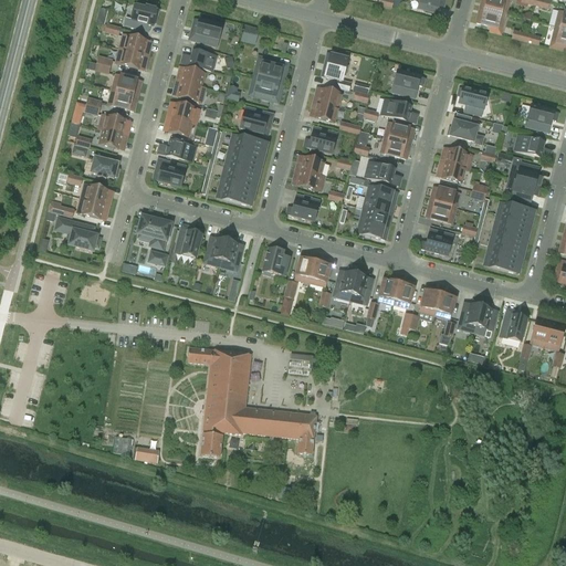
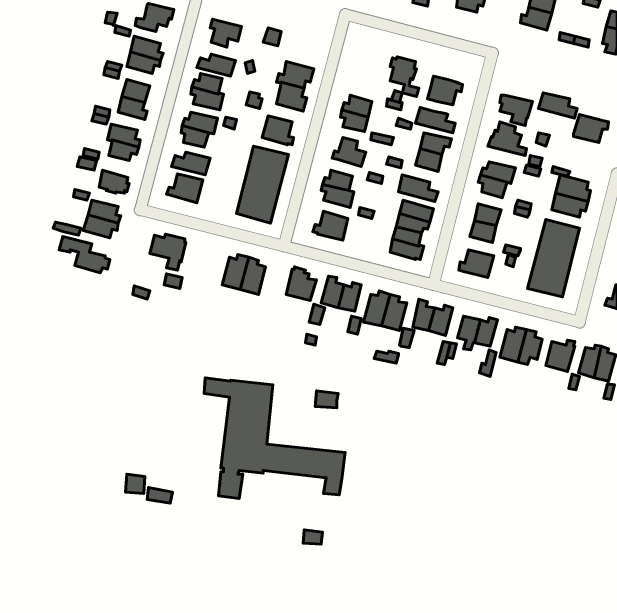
building: [324,53,350,90] -> [390,57,419,97]
building: [514,135,549,158] -> [538,93,577,118]
building: [175,228,201,256] -> none

